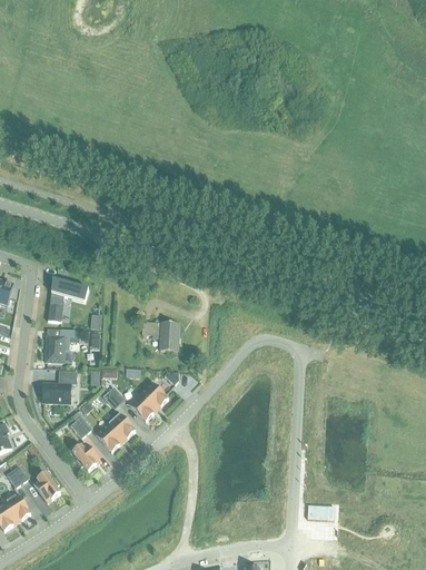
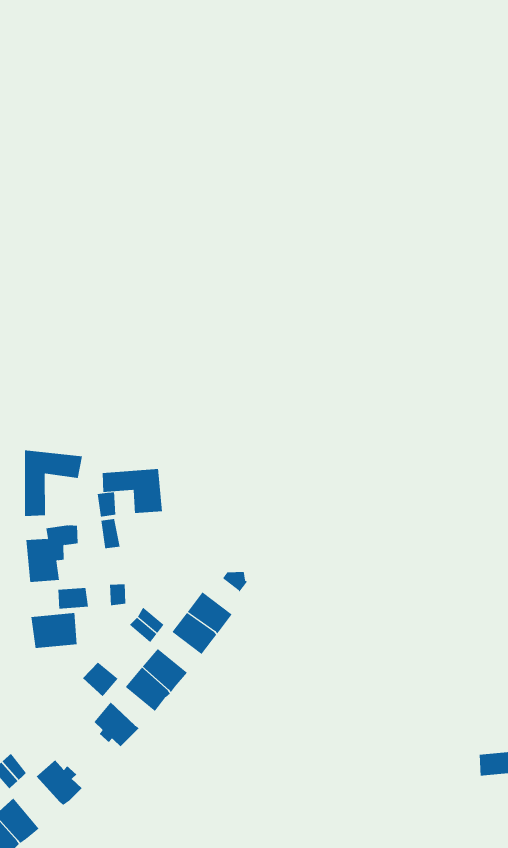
building: [141,322,178,351] -> [102,469,163,513]

